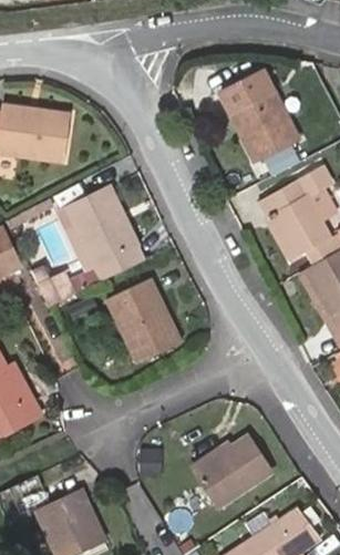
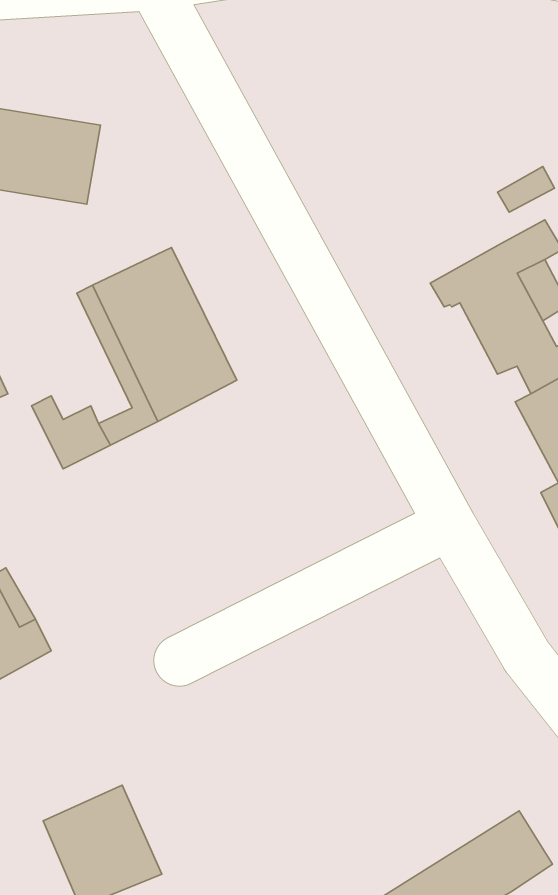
building: [216,76,295,166] -> none
building: [110,280,185,364] -> none
building: [207,430,284,500] -> none

